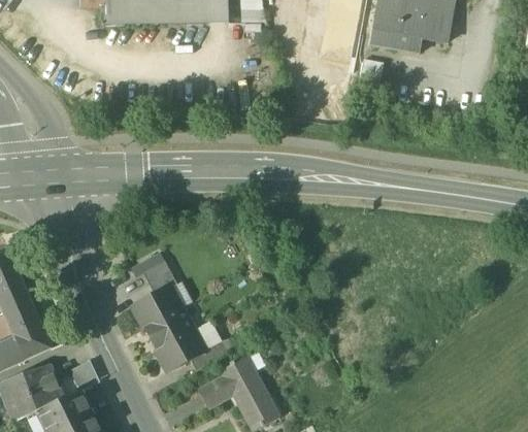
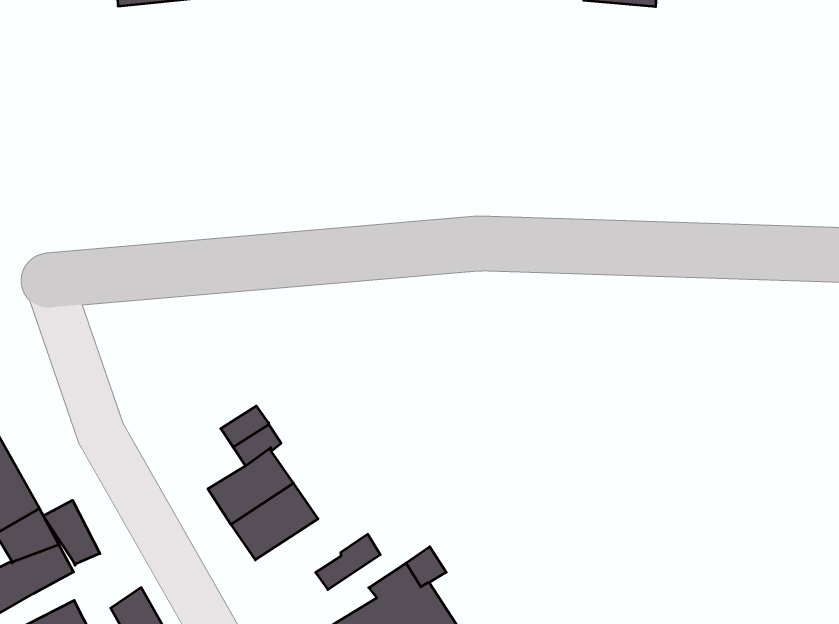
building: none -> [43,500,100,565]
building: [155,328,204,371] -> none

